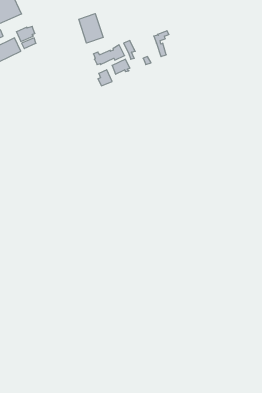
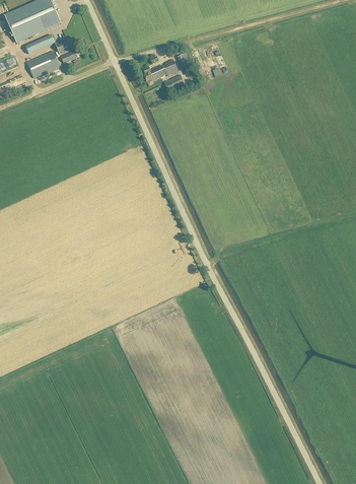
building: [79,14,103,43] -> none

